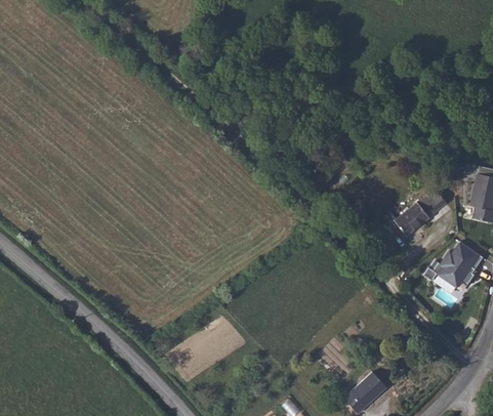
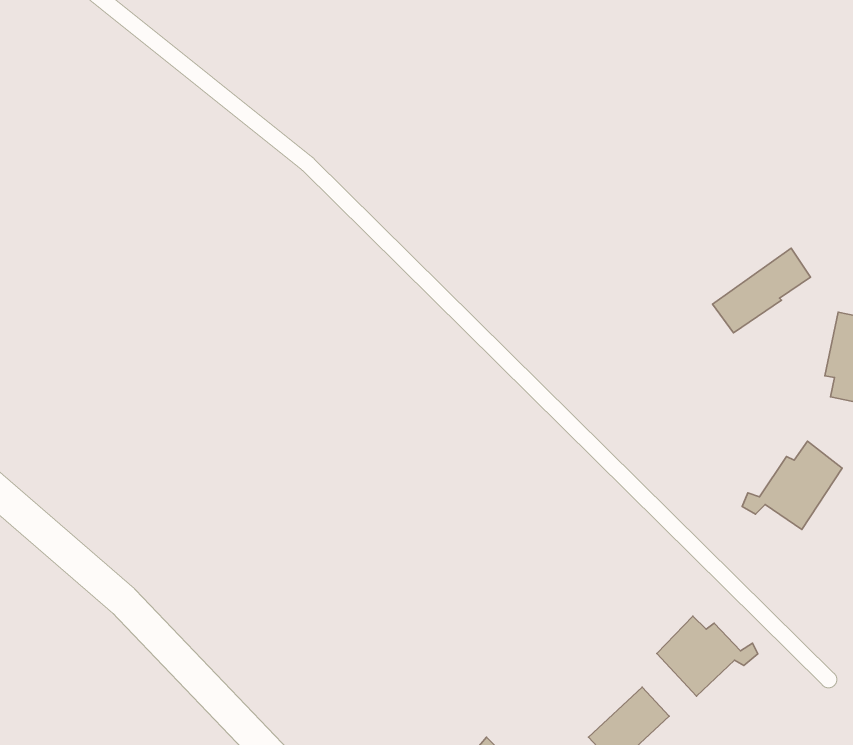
building: [395,191,447,236] -> [712,248,810,333]
building: none -> [657,616,758,696]

